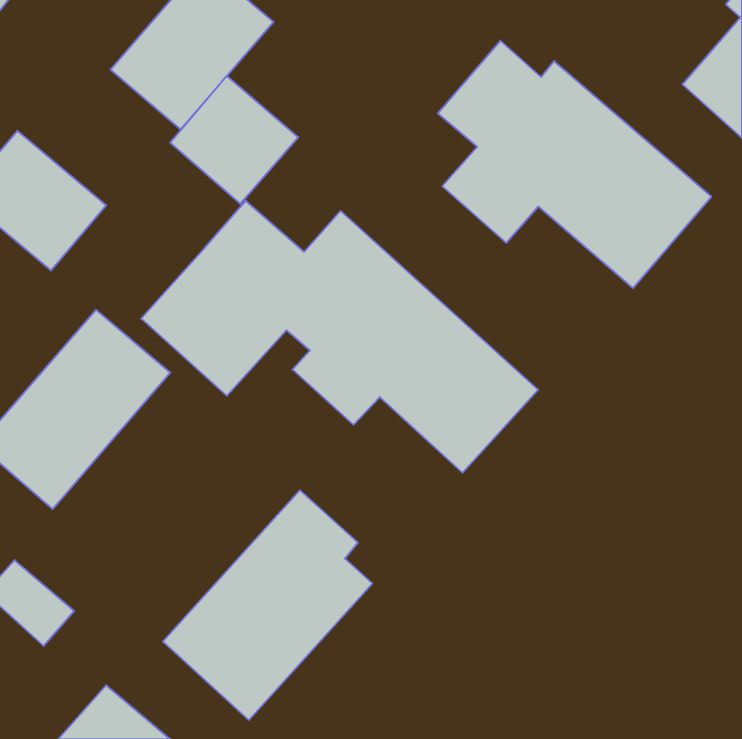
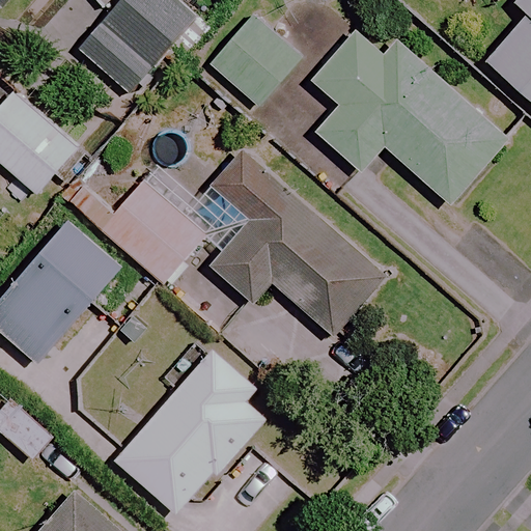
building: [170,76,298,204] -> [208,12,300,104]

